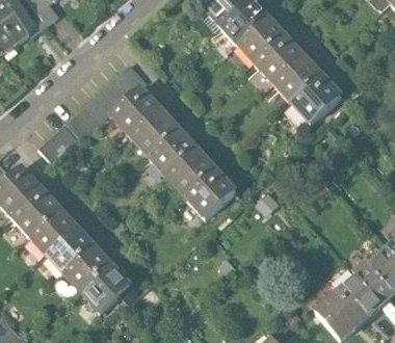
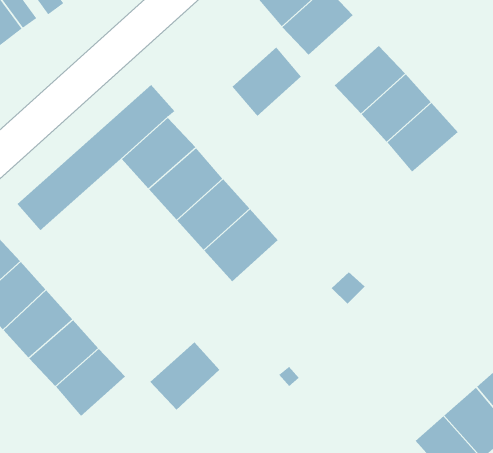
building: [239,16,288,64] -> [232,46,302,117]
building: [186,171,237,221] -> none
building: [81,266,130,314] -> [150,341,220,410]

